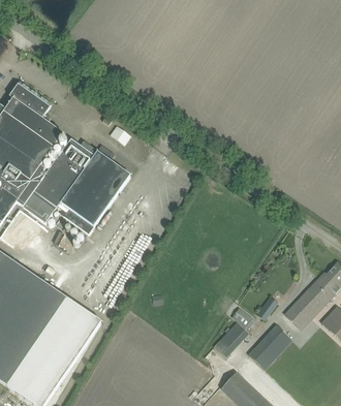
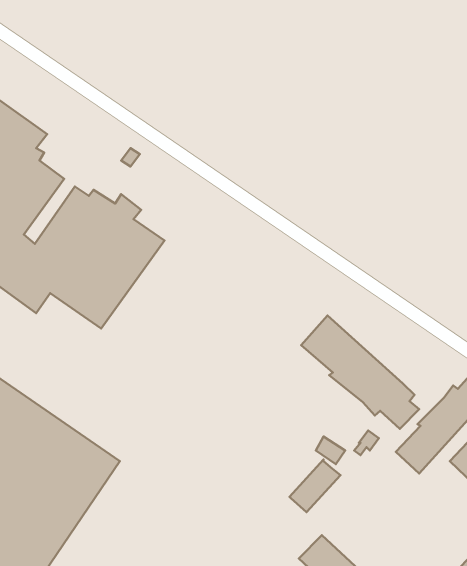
building: none -> [301,315,419,429]
building: [247,324,292,370] -> none

